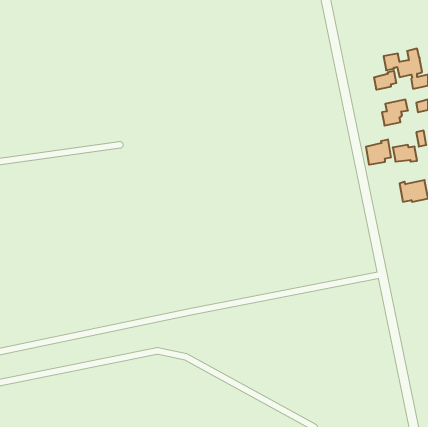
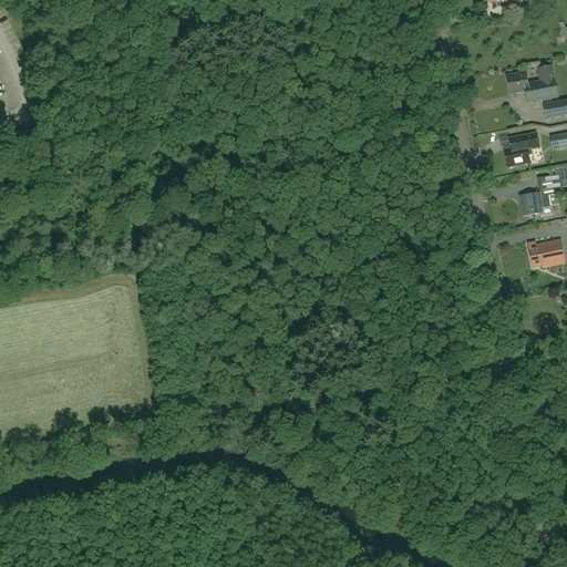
building: [374,71,396,90] -> none
building: [366,139,391,165] -> none

